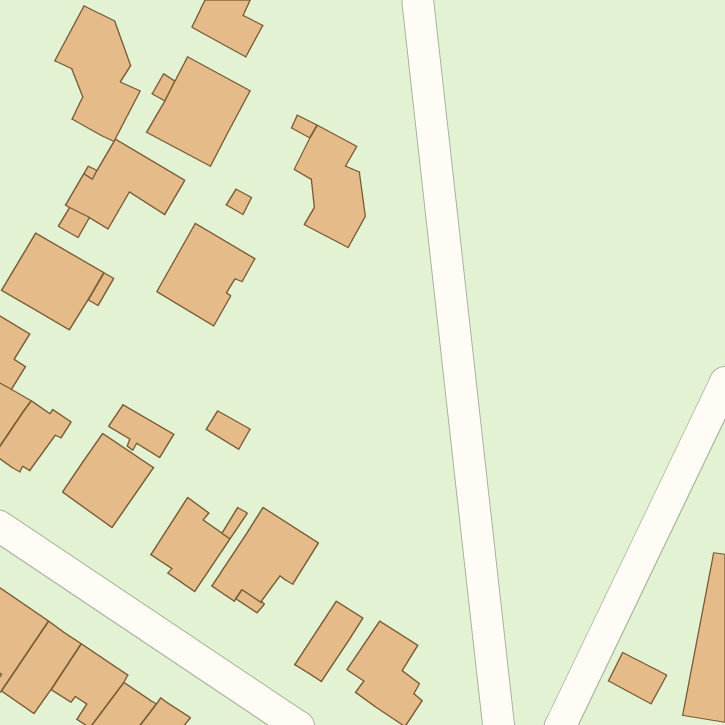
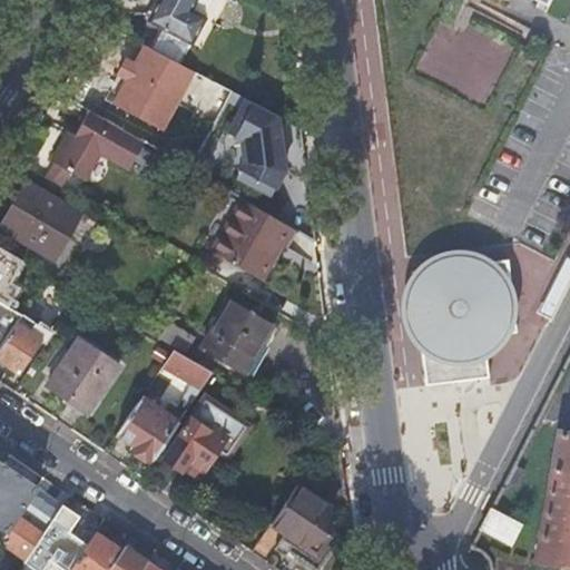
building: [55,6,140,142] -> none
building: [157,223,255,326] -> [215,202,292,282]
building: none -> [402,245,517,374]
building: none -> [200,299,273,373]
building: [109,405,174,457] -> [163,350,214,391]
building: [295,601,363,682] -> none

